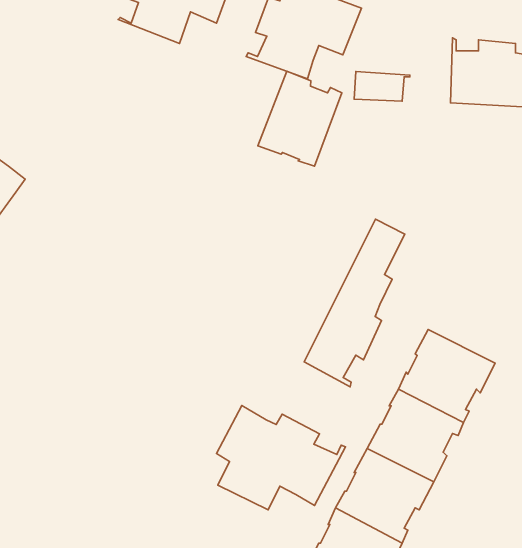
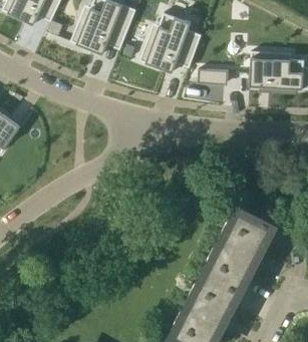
building: [258,71,342,166] -> none
building: [304,219,405,387] -> none
building: [217,405,346,510] -> none

